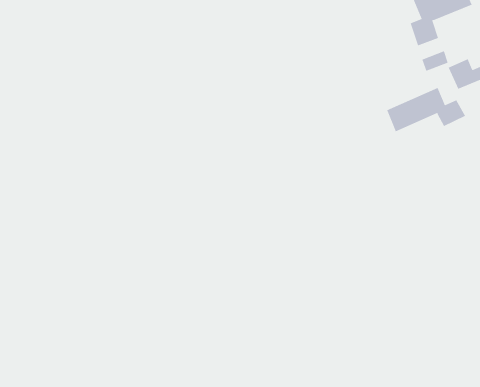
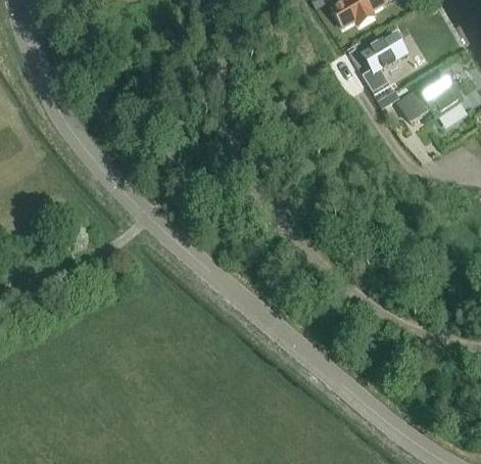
building: [386,87,466,132] -> none

